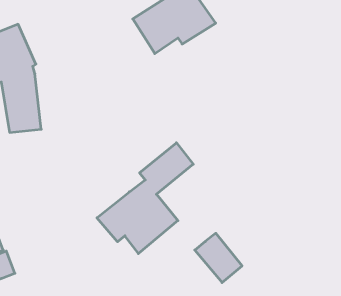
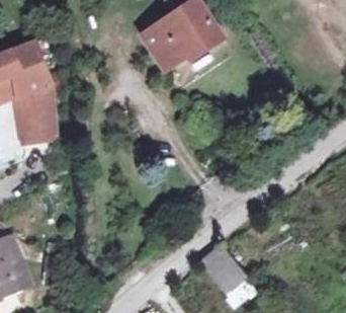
building: [97,143,193,254] -> none

